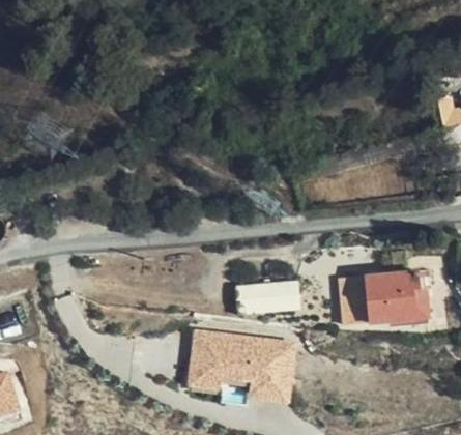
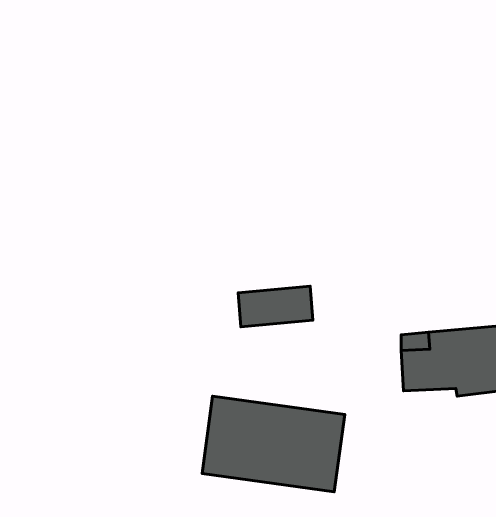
building: [241,281,300,313] -> [238,286,313,327]

